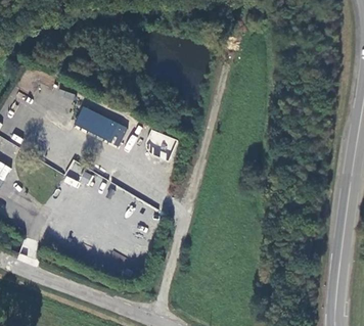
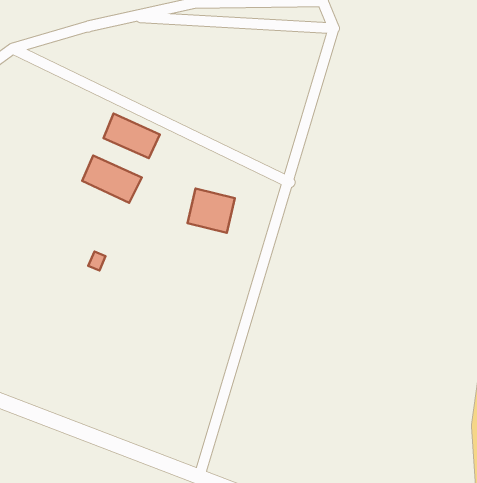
building: none -> [104,114,160,158]

